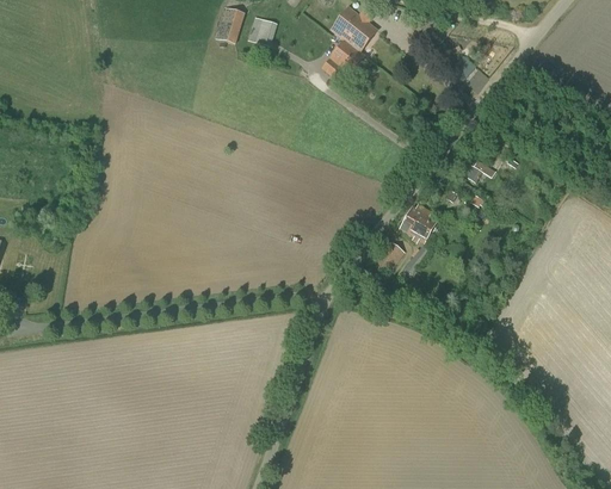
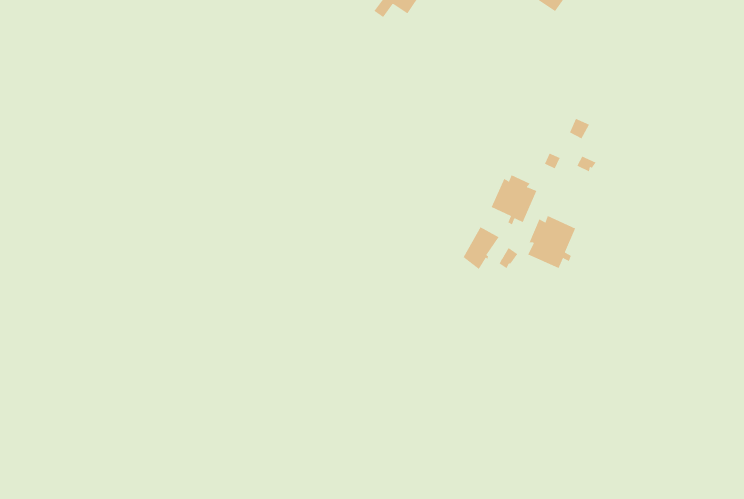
building: none -> [527,215,576,269]

